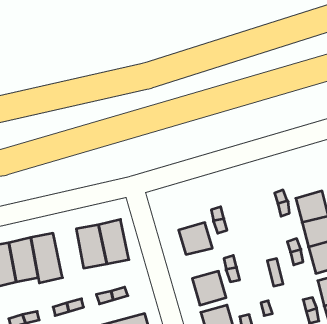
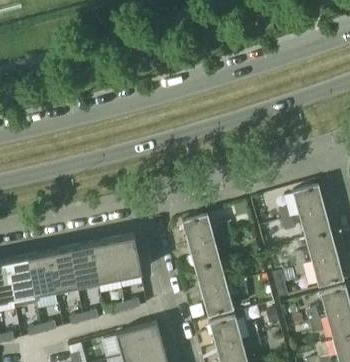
building: none -> [293,185,325,215]
building: none -> [183,215,214,245]
building: none -> [70,244,99,286]
building: none -> [196,262,227,291]

